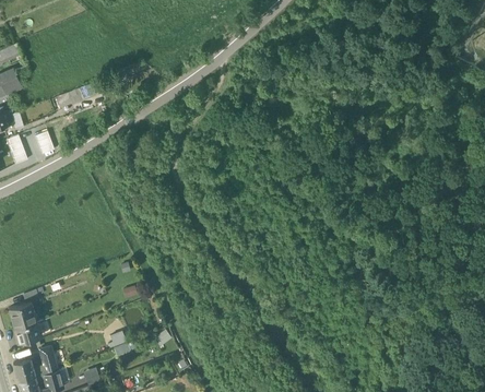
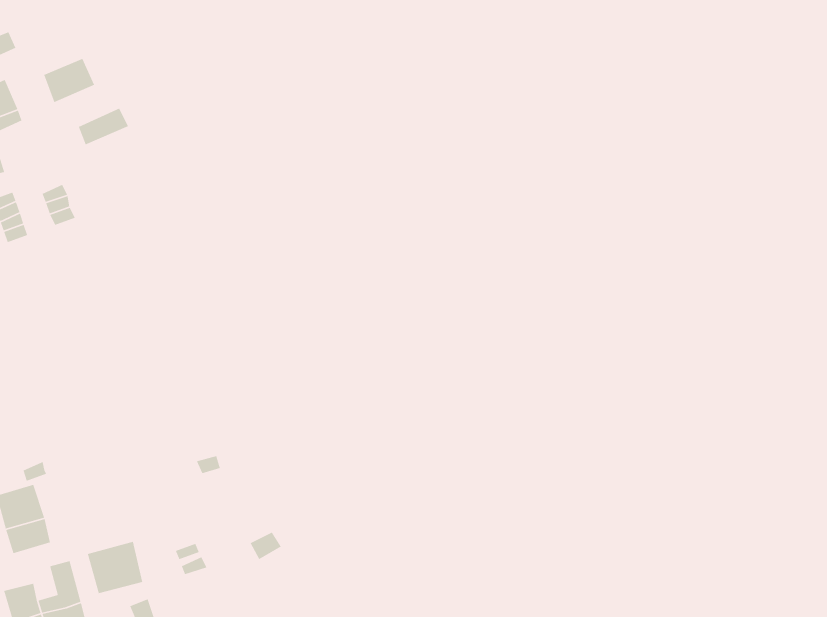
building: none -> [43,58,95,103]
building: none -> [87,541,143,594]

